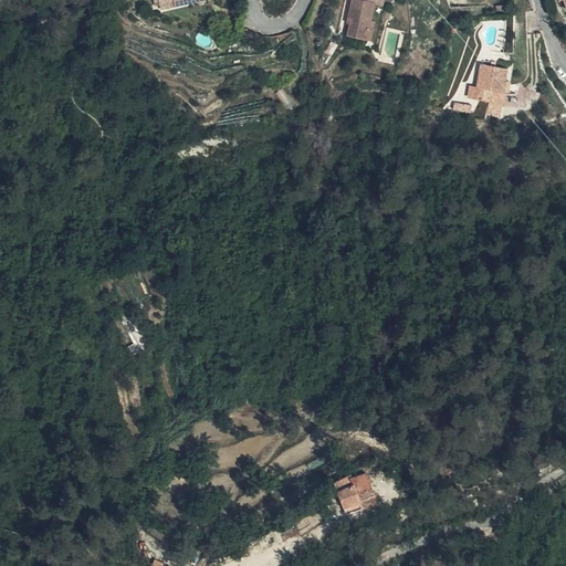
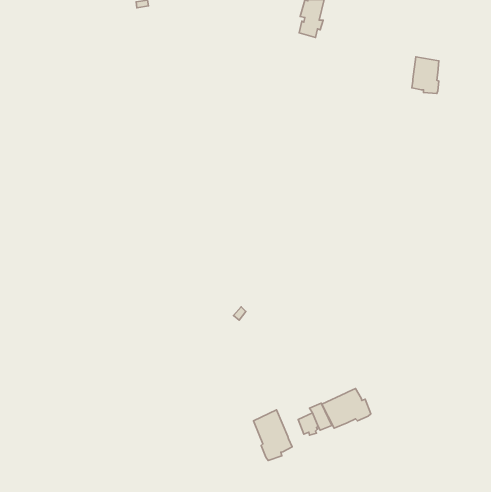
building: none -> [322,388,371,428]
building: none -> [254,410,292,461]

